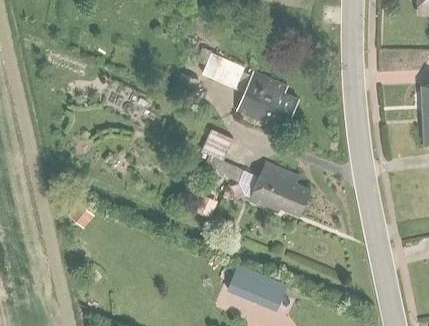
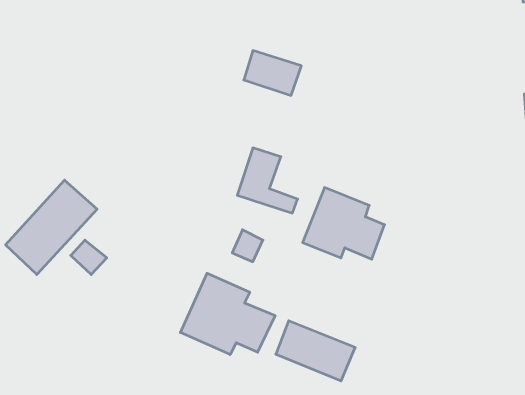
building: [236,71,300,126] -> none
building: none -> [6,180,97,275]
building: none -> [180,273,275,355]

